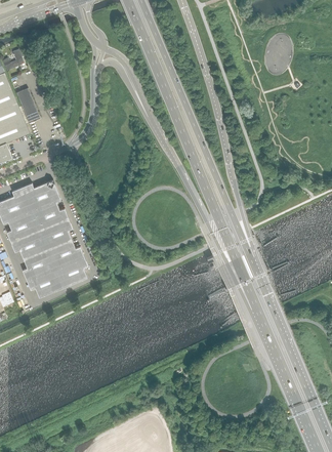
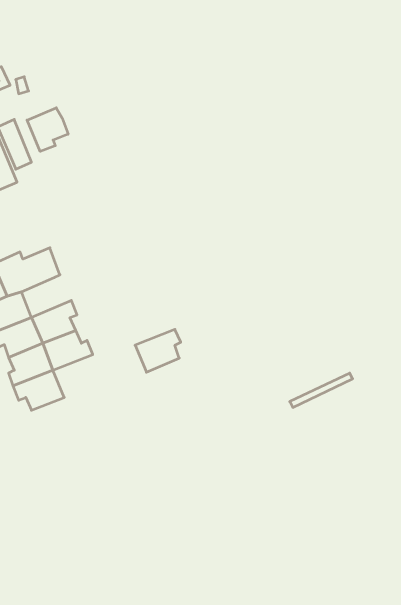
building: none -> [27,108,68,151]
building: [32,201,68,230] -> none
building: [54,256,87,287] -> [135,329,181,372]

